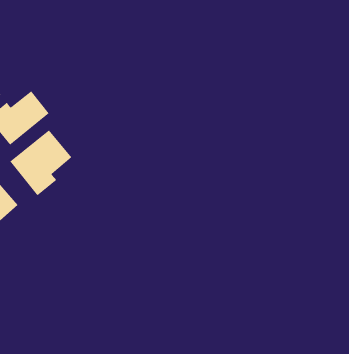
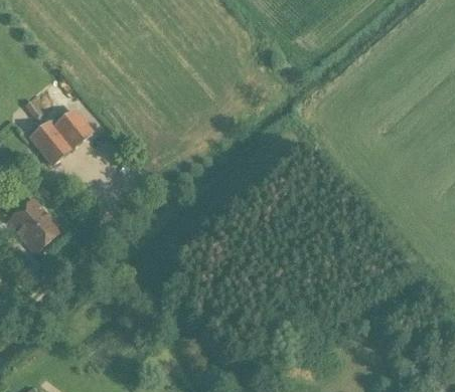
building: [10,129,72,196] -> none

